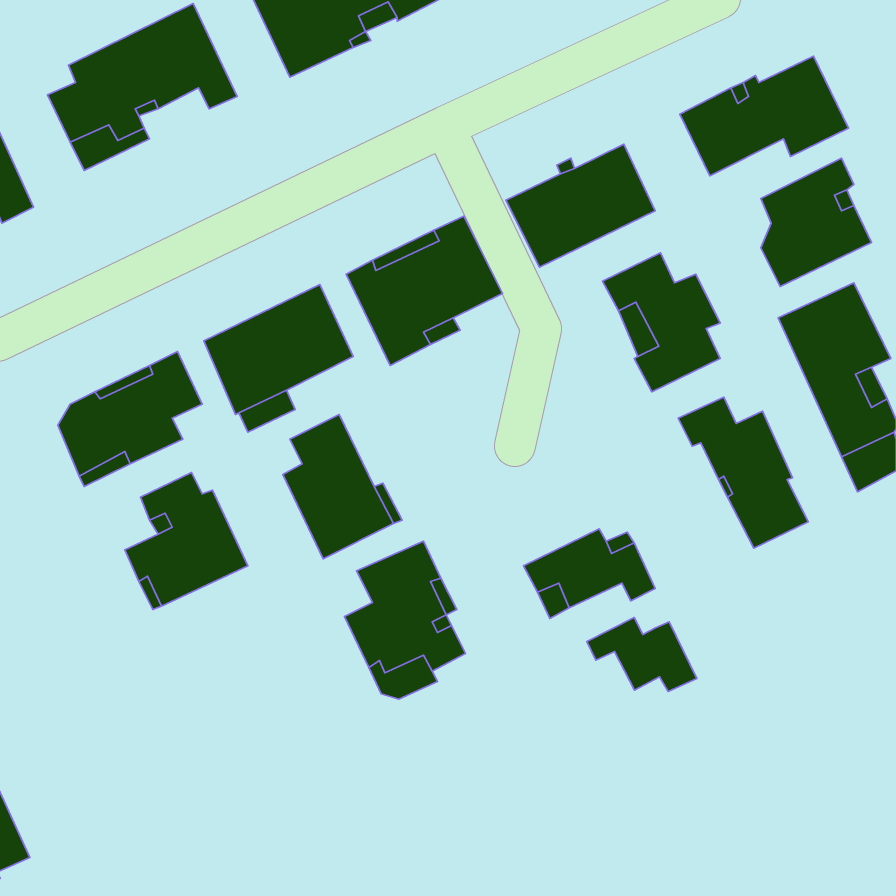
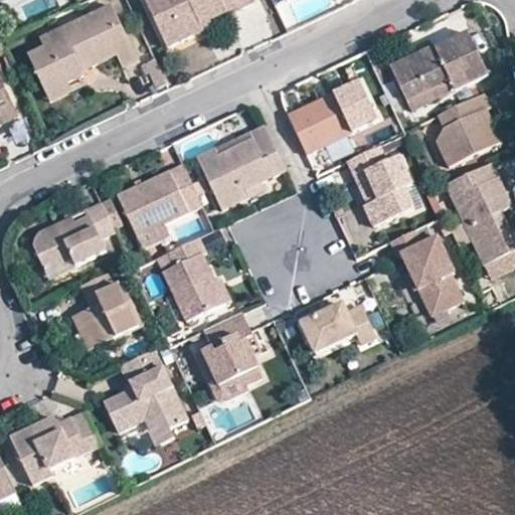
building: none -> [104,348,187,447]
building: [587,618,697,692] -> none
building: none -> [10,409,103,484]

